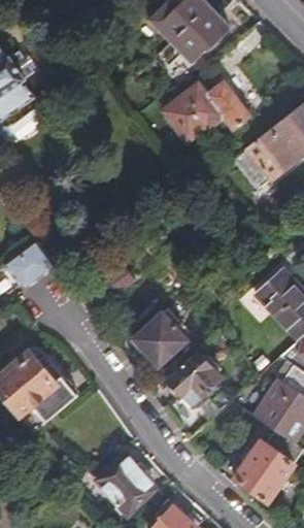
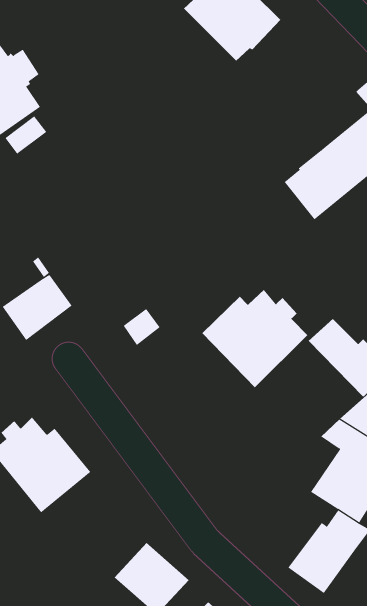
building: [164,82,254,141] -> none
building: none -> [201,289,308,388]
building: [129,314,180,365] -> none
building: [165,351,221,405] -> none

